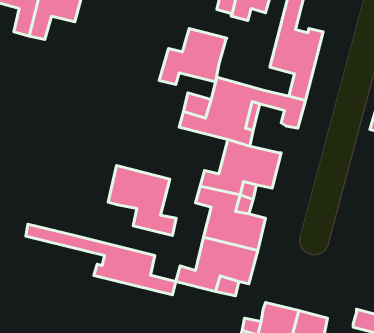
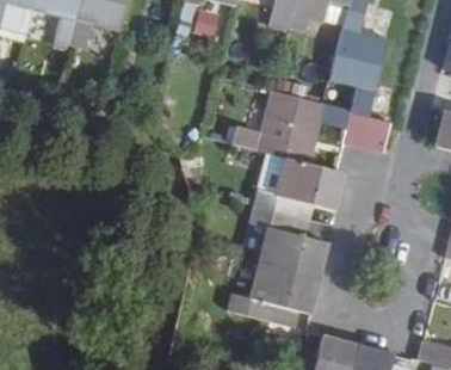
building: [159,29,227,84] -> none
building: [108,166,176,235] -> none
building: [26,224,176,295] -> none

